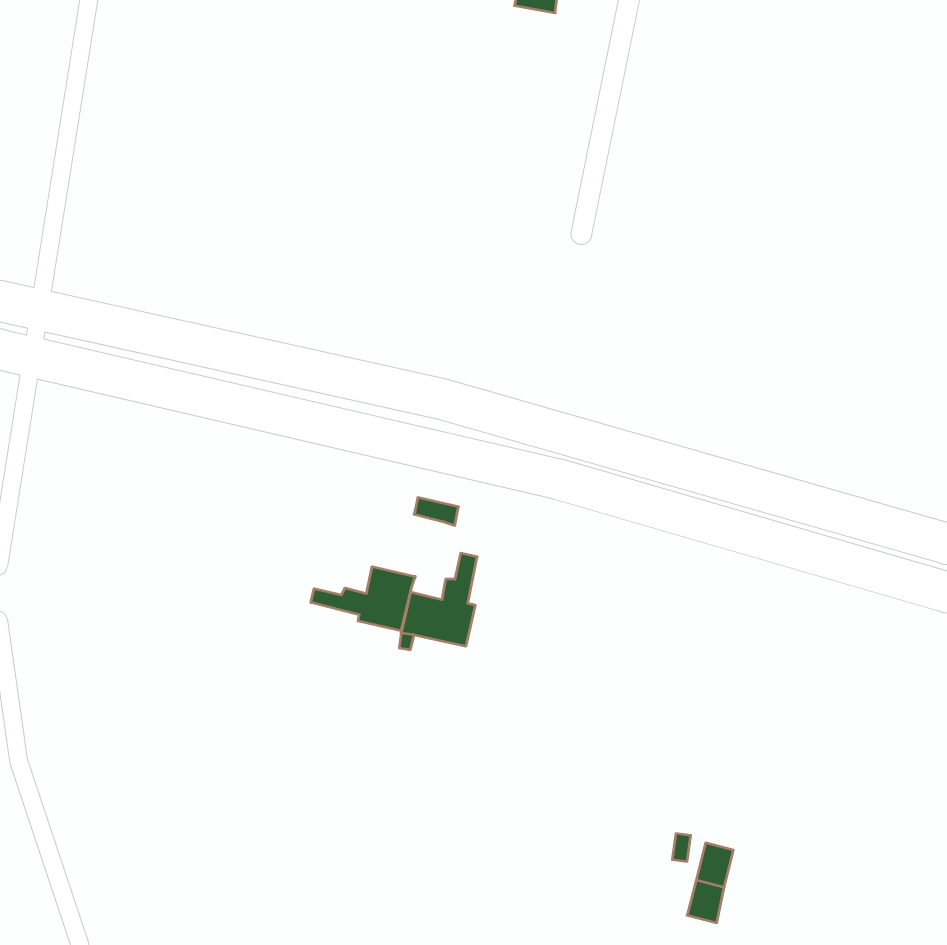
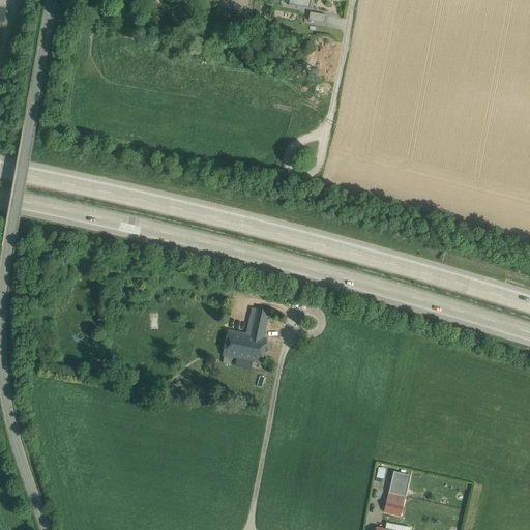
building: [311,567,415,631] -> none

